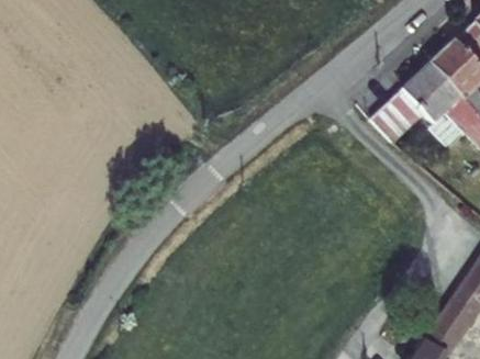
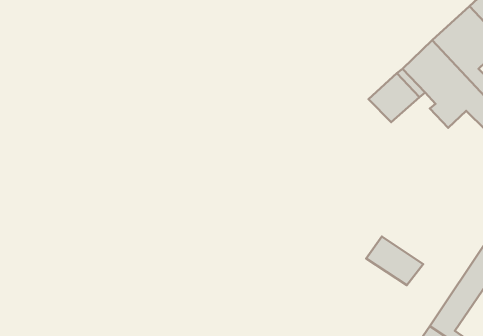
building: none -> [366,236,423,285]

